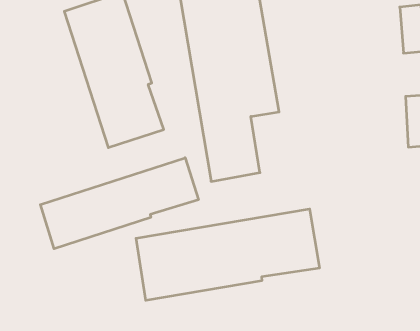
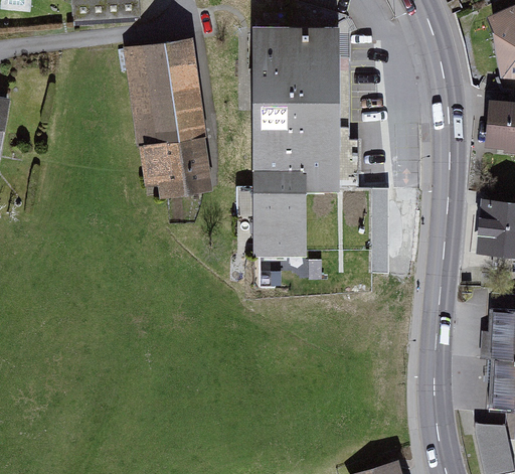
building: [40,158,198,249] -> none
building: [136,209,319,300] -> none

